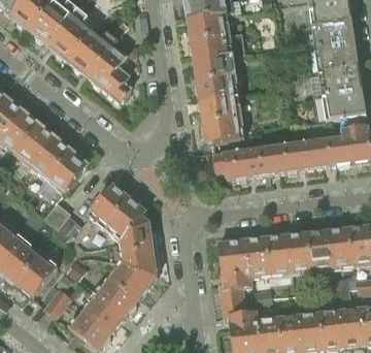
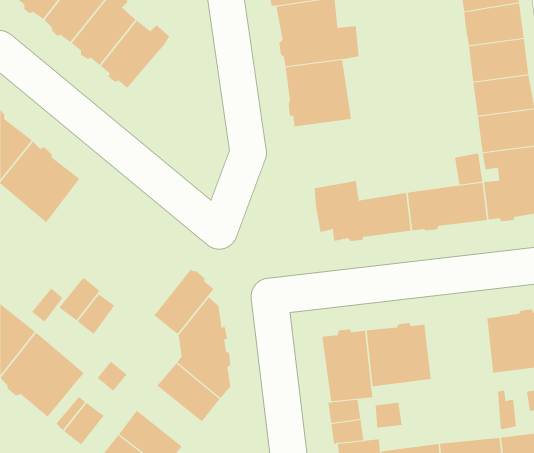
building: [87,45,130,102] -> none
building: [199,96,243,143] -> none
building: [32,136,87,192] -> none
building: [88,184,129,228] -> none
building: [288,229,333,271] -> none
building: [93,276,137,317] -> none

